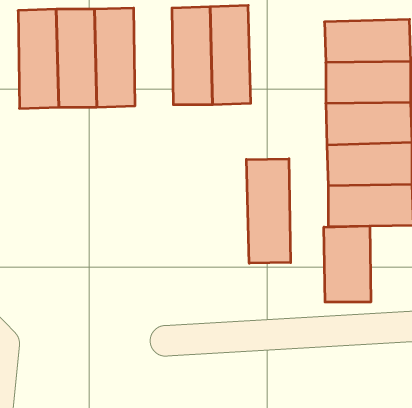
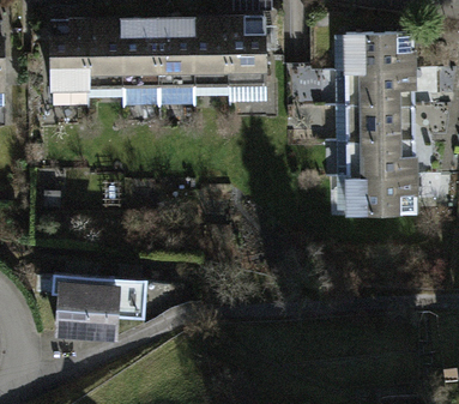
building: none -> [151,12,188,104]
building: [246,159,291,263] -> none
building: [324,226,371,302] -> none
building: none -> [49,279,143,348]

